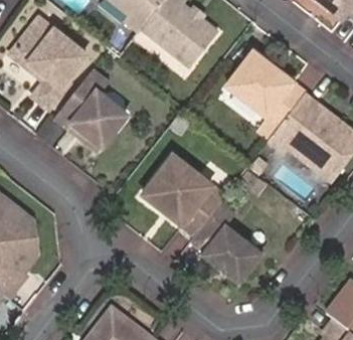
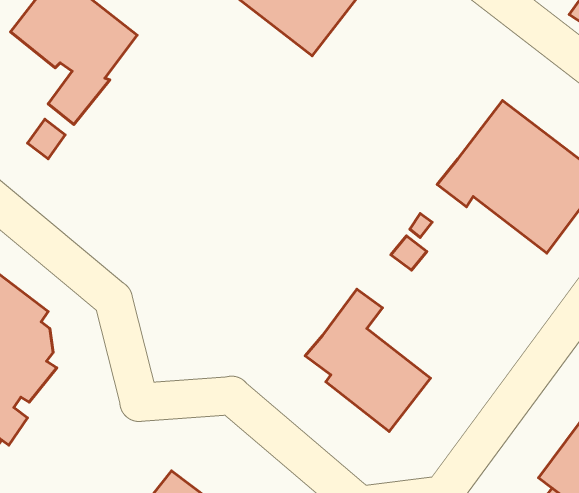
building: [223,51,302,126] -> none
building: [57,67,129,148] -> none
building: [139,156,221,229] -> none

